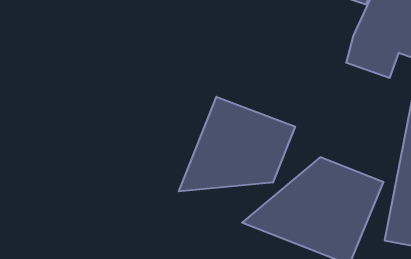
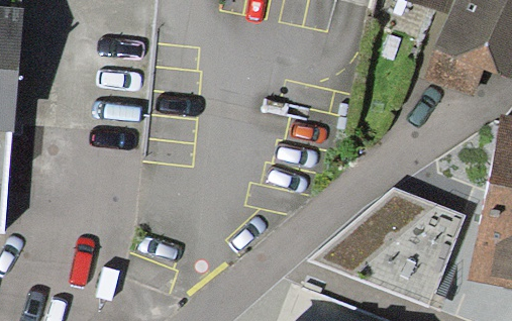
building: [179,97,295,191] -> none

